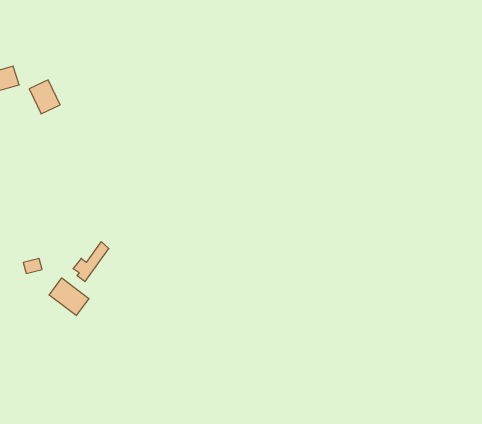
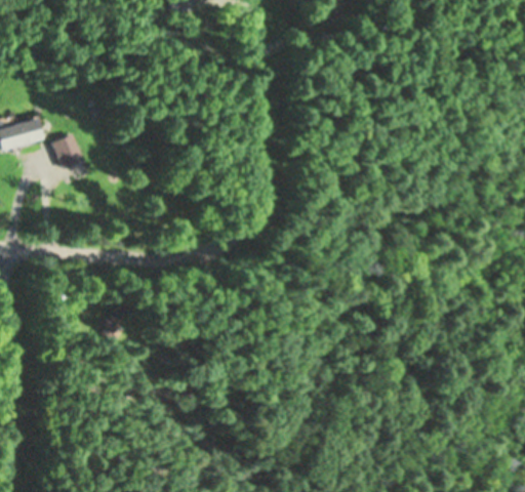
building: [49,278,89,316] -> none

